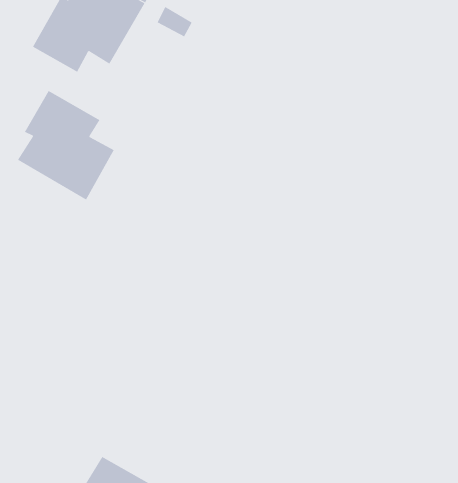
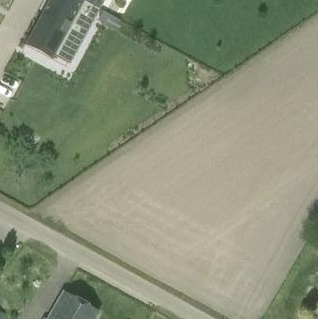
building: [17,90,115,200] -> none

